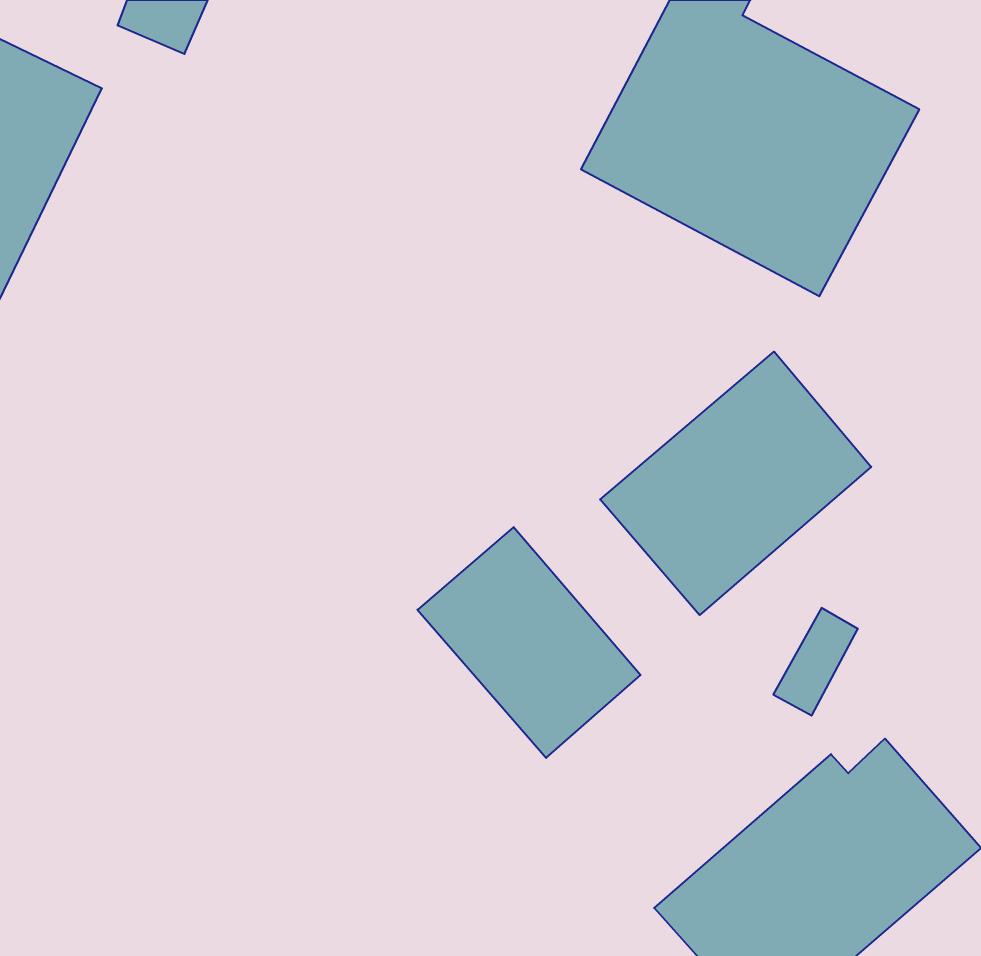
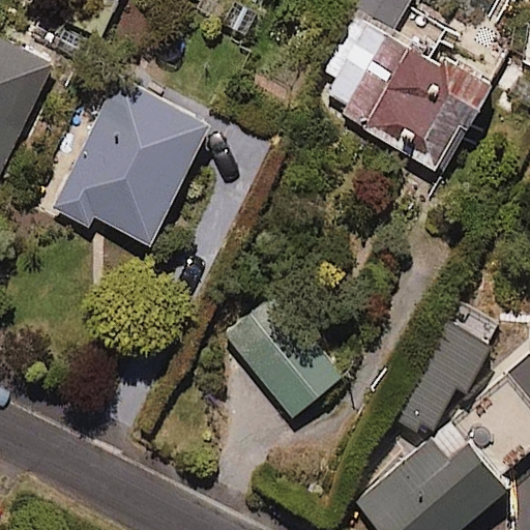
building: none -> [52,76,210,245]
building: [600,352,871,615] -> none

